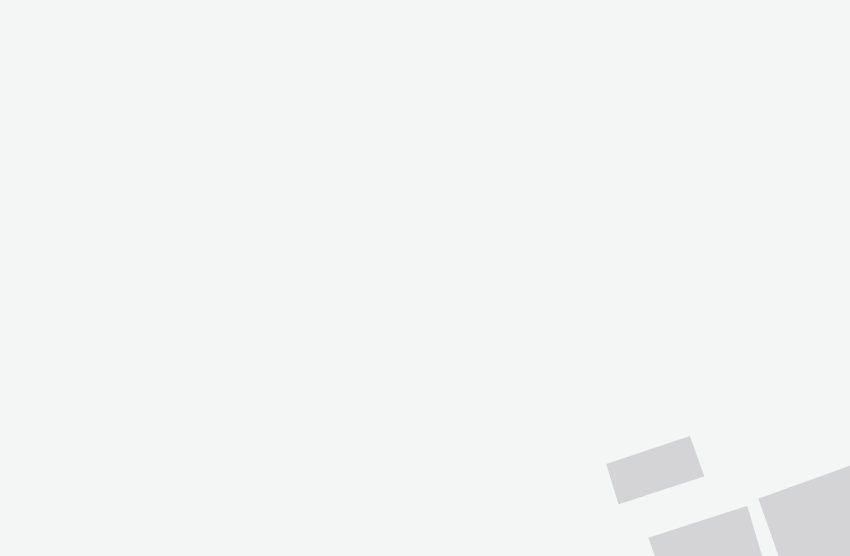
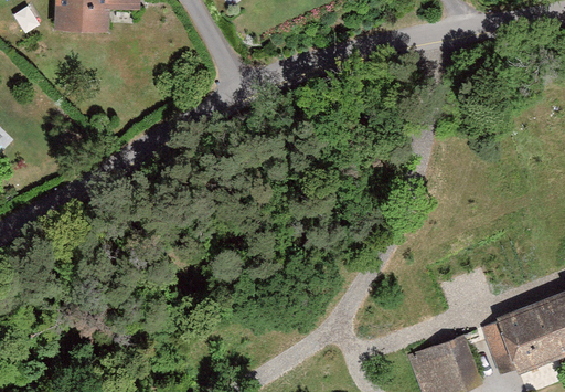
building: [606,435,705,505] -> none

